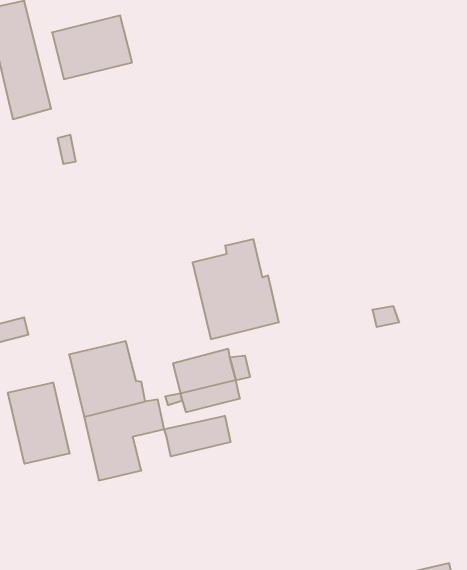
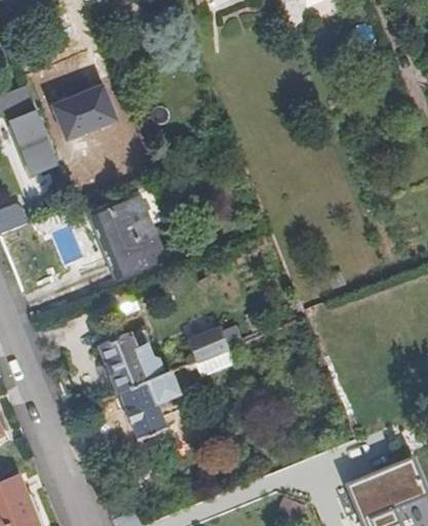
building: [192,239,279,339] -> [91,197,163,277]
building: [8,382,70,464] -> none
building: [164,416,231,456] -> none

